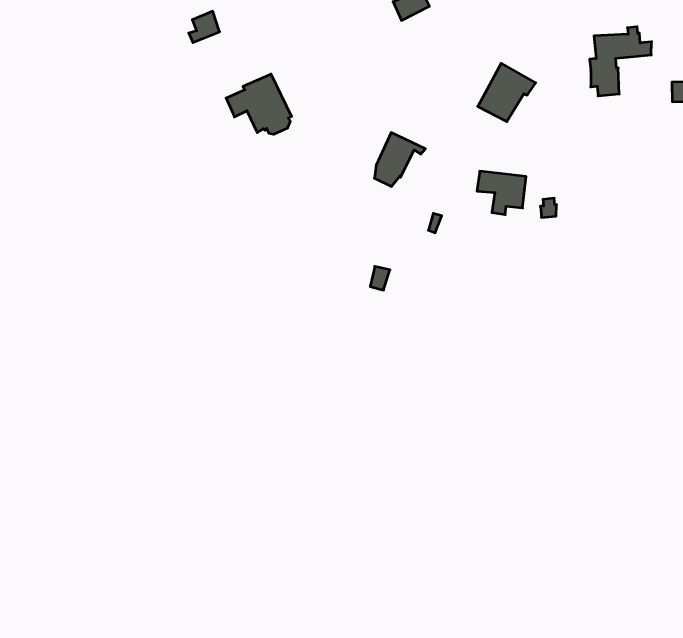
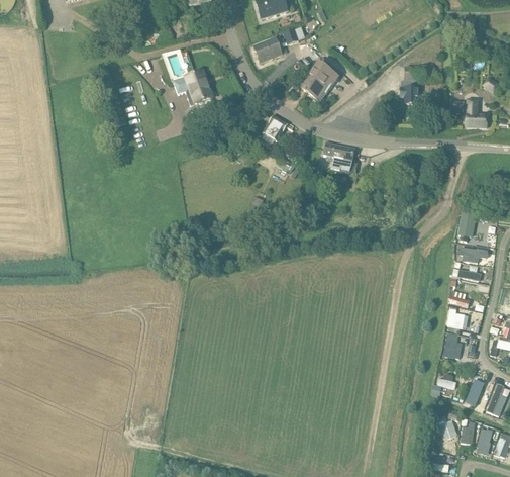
building: none -> [252,36,287,63]
building: [478,63,536,122] -> [301,63,338,99]

